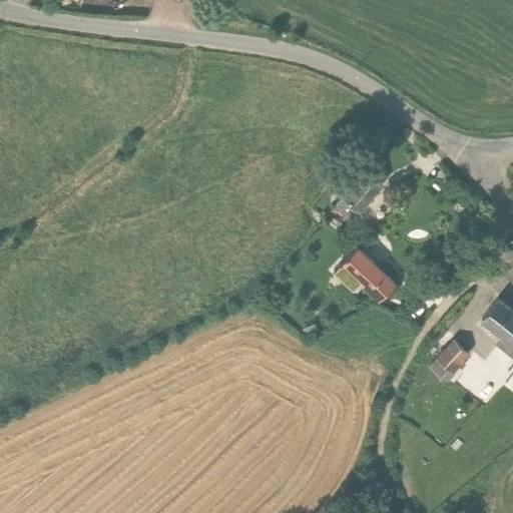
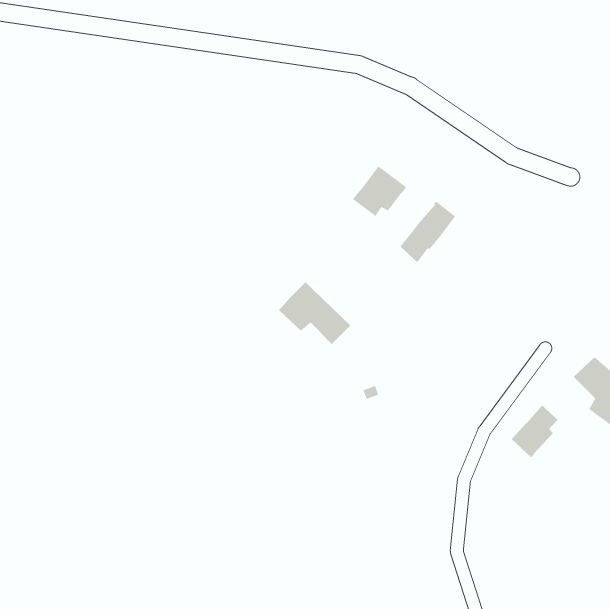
building: none -> [352,166,407,217]
building: [335,247,396,301] -> [278,281,351,345]

